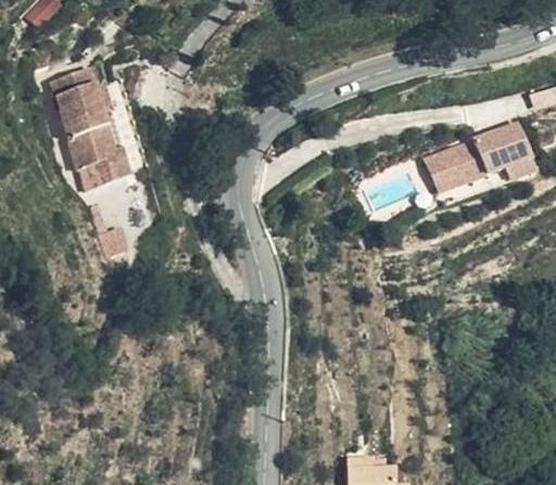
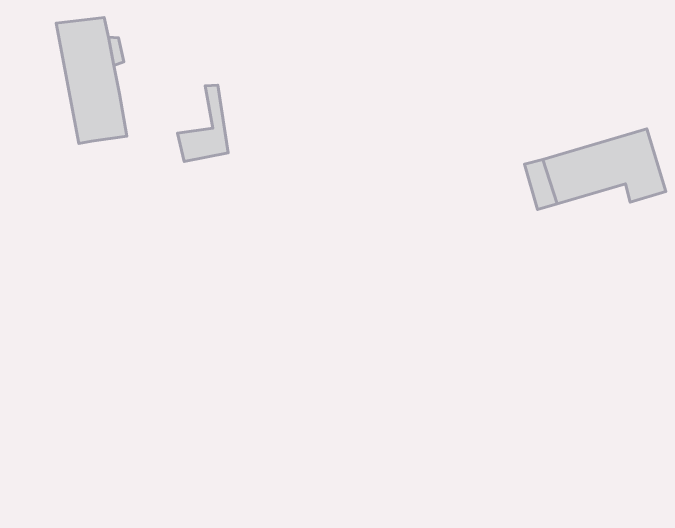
building: [86,120,126,181] -> [177,85,228,162]

